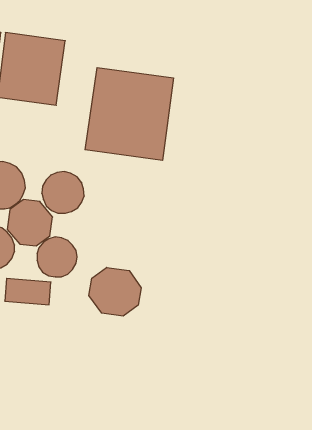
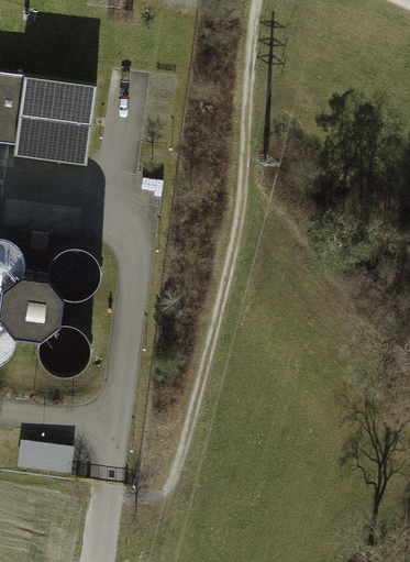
building: [85,68,173,160] -> none
building: [89,267,141,316] -> none
building: [5,278,51,305] -> [18,439,74,471]

